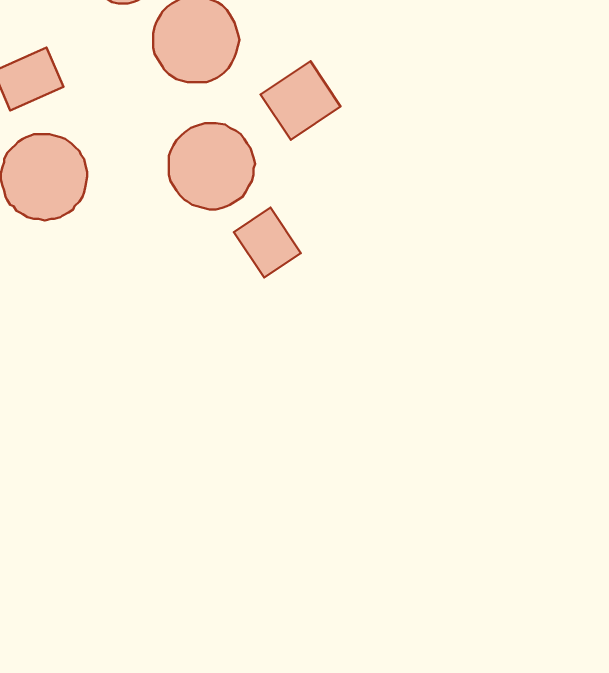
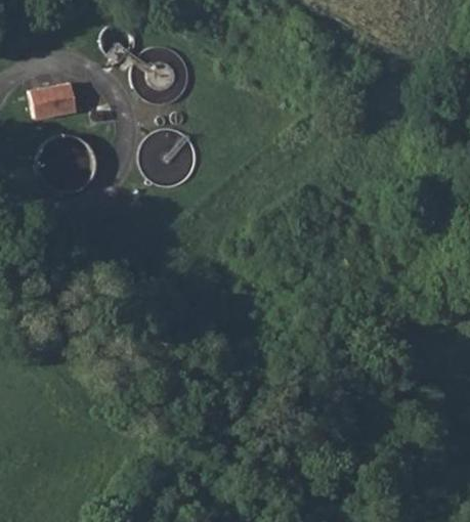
building: [261,61,341,140] -> none
building: [234,208,301,278] -> none

